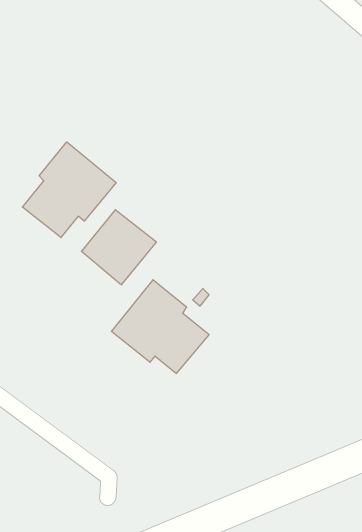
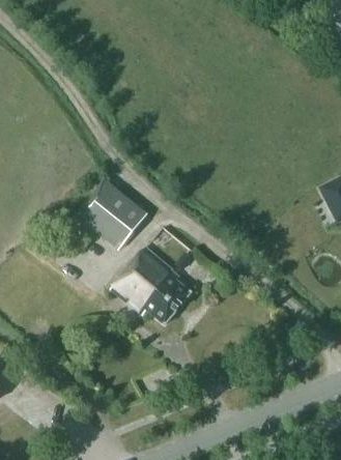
building: [22,142,116,238] -> none

